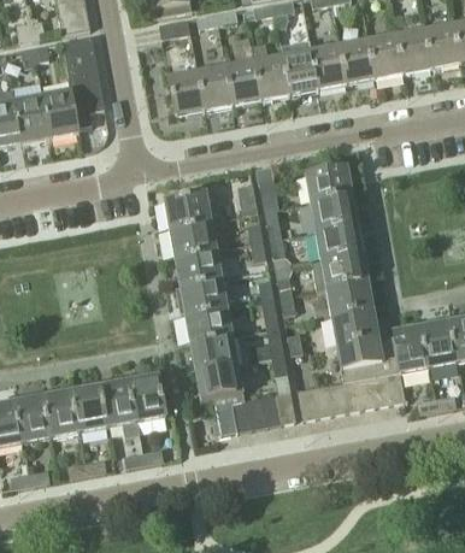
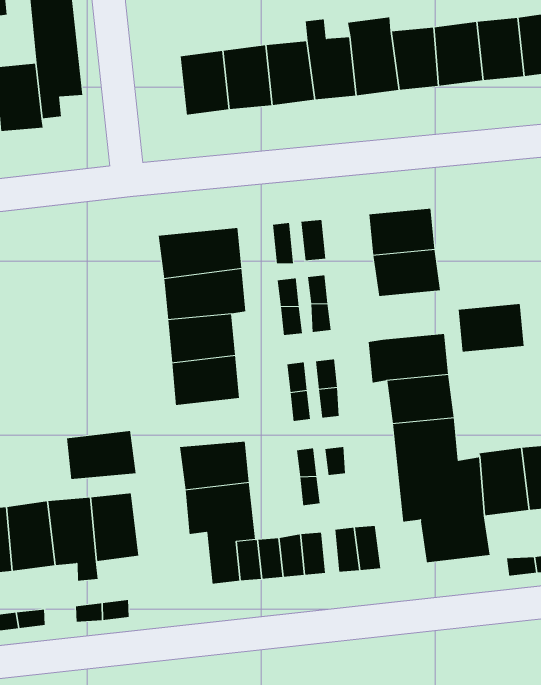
building: [314,222,361,258] -> [458,303,524,352]
building: [182,305,231,341] -> [66,431,136,479]
building: [324,378,360,413] -> none

